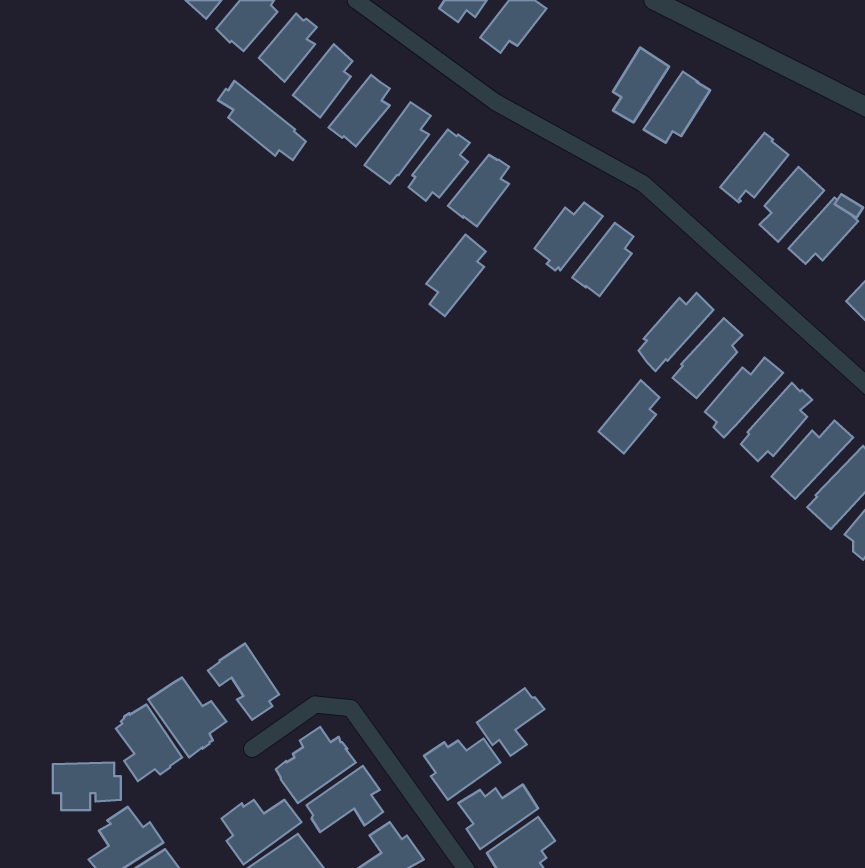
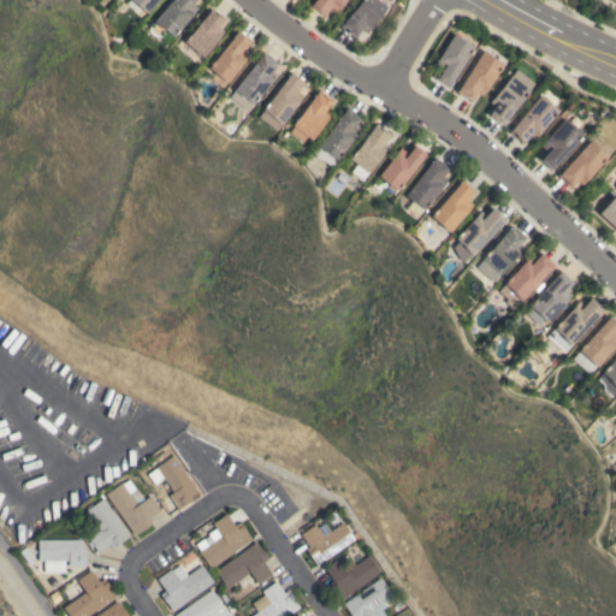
building: [218,81,306,160] -> none
building: none -> [491,70,538,126]
building: [426,234,486,316] -> [351,124,393,182]
building: [598,380,660,454] -> [434,180,478,232]
building: [477,688,544,756] -> none

